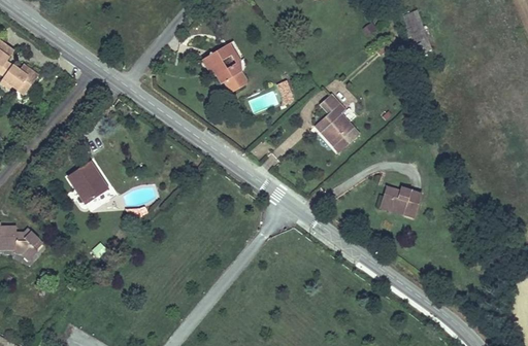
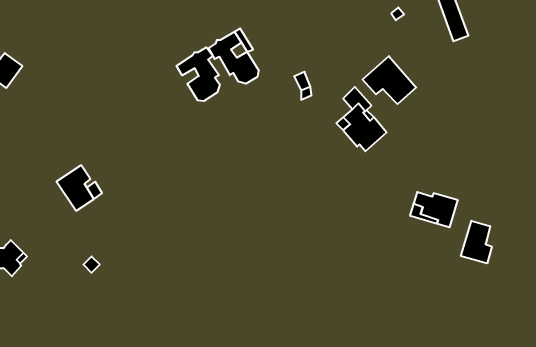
building: none -> [177,47,220,101]
building: none -> [363,56,416,104]
building: none -> [461,221,492,263]

